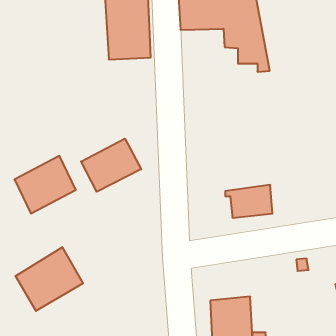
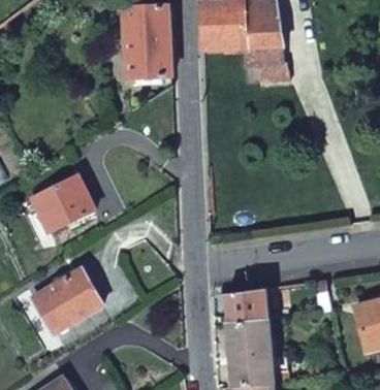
building: [81,139,141,192] -> none
building: [225,185,272,218] -> [222,287,270,320]

